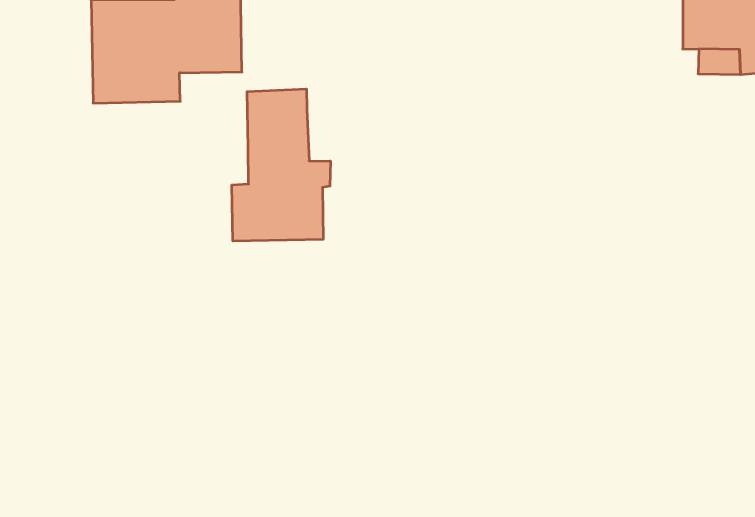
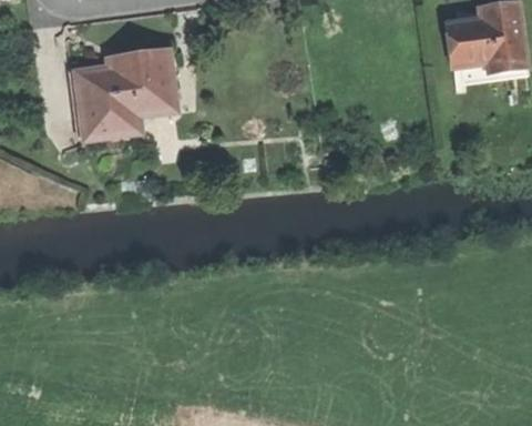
building: [232,89,330,241] -> none

